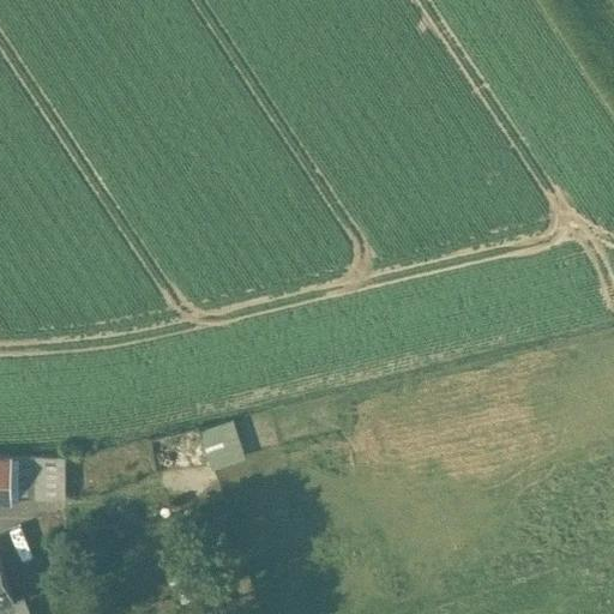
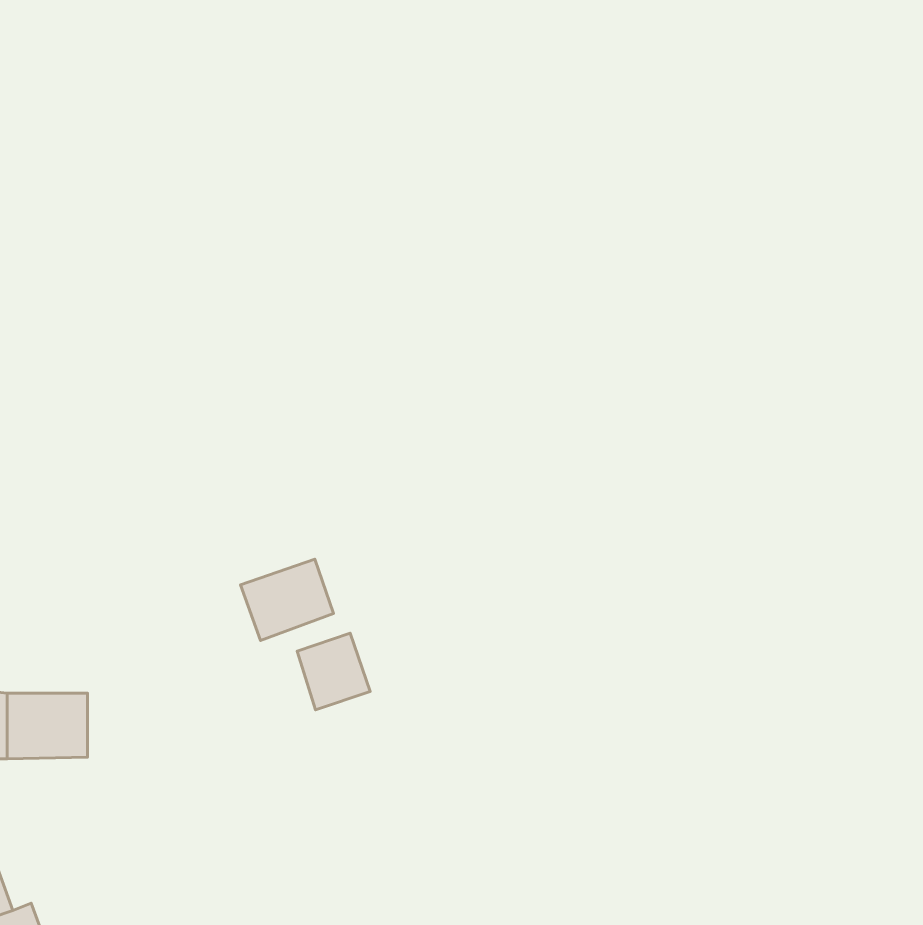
building: none -> [241,559,334,640]

